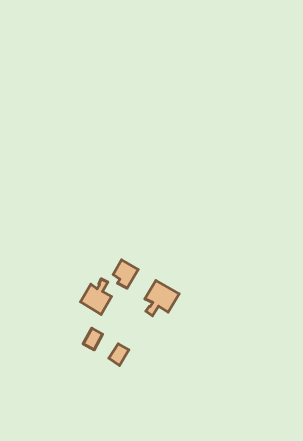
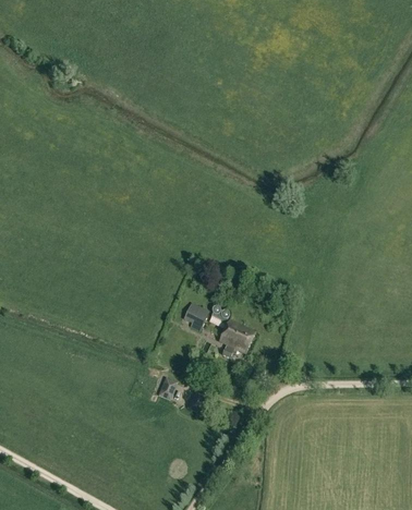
building: [80,279,112,314] -> none

